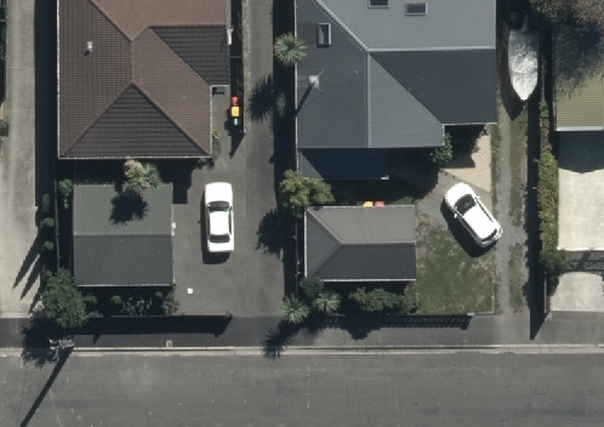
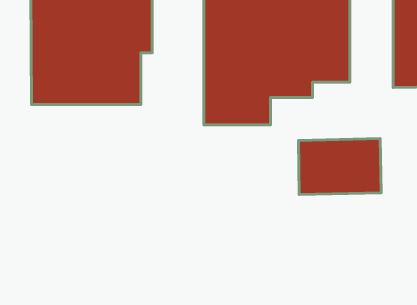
building: [73,187,171,286] -> none
building: [302,218,415,295] -> [298,139,381,195]

